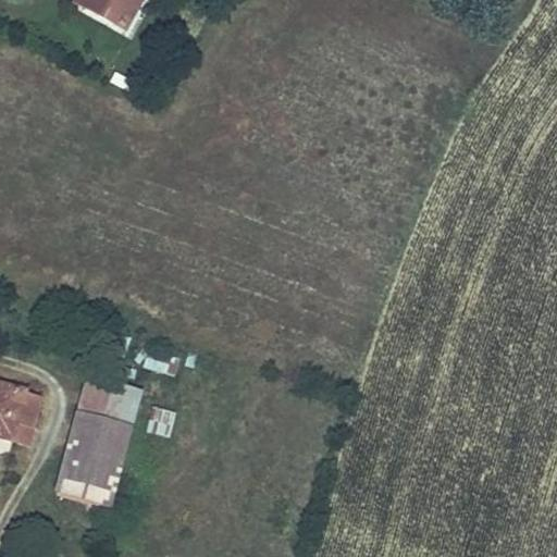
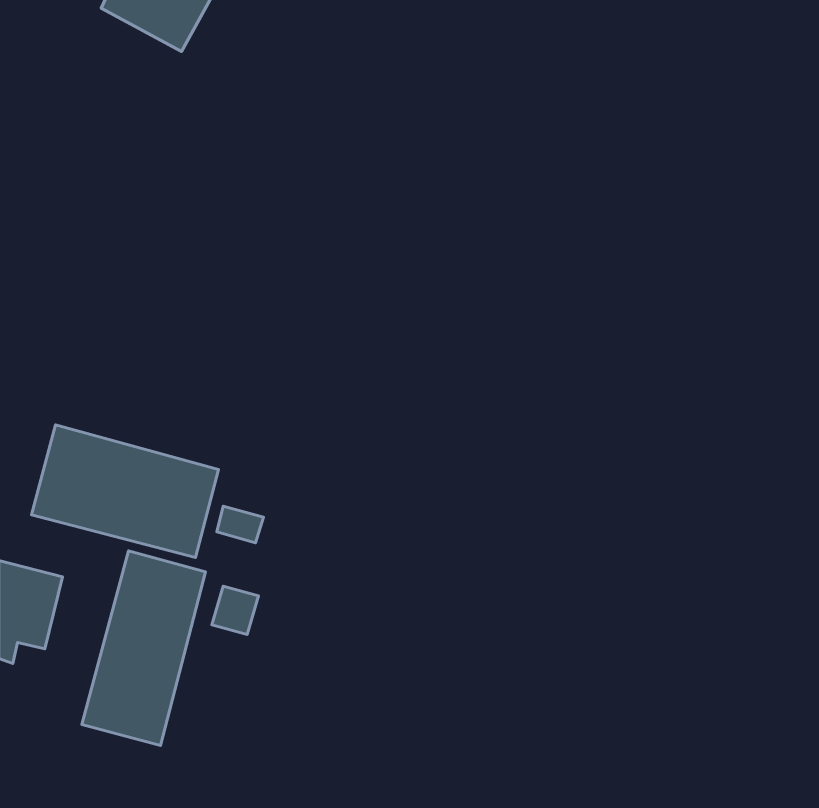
building: none -> [32,425,218,558]

